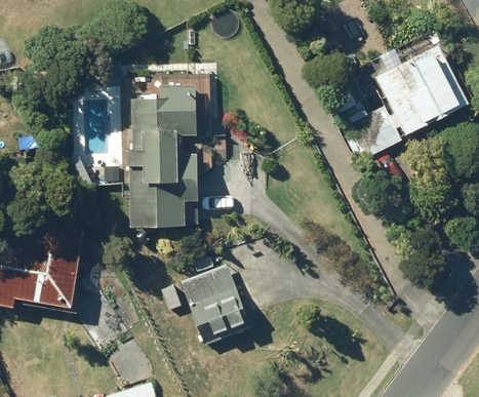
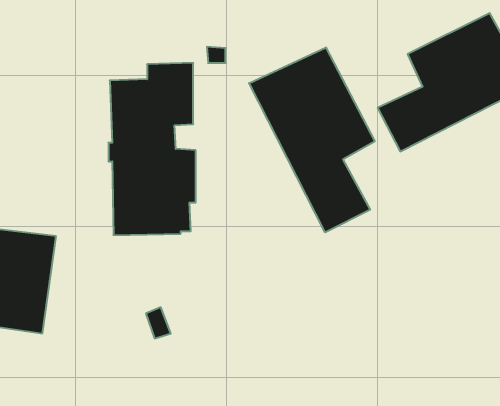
building: none -> [249,47,375,232]
building: [176,264,249,345] -> none

